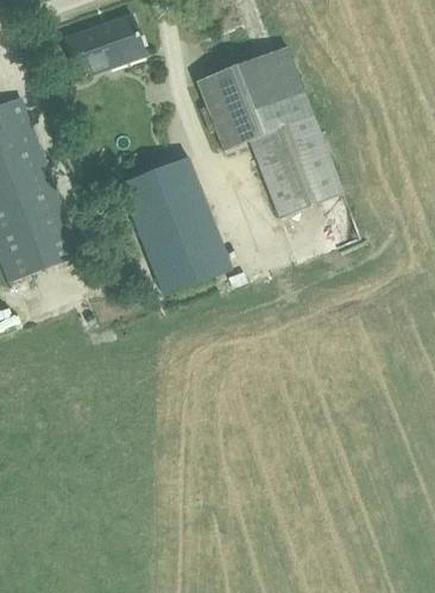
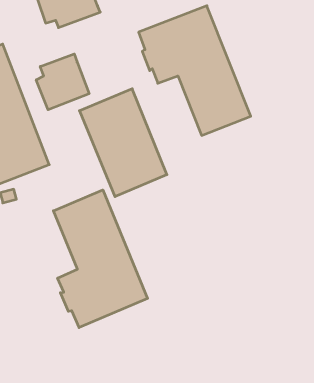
building: none -> [36,54,89,110]
building: none -> [53,190,148,328]

